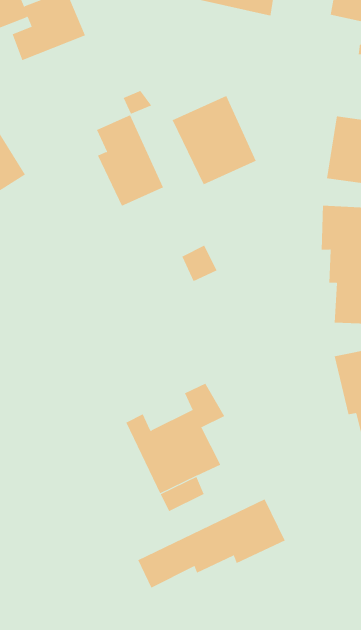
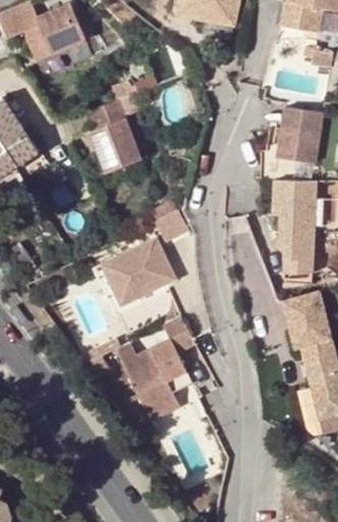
building: [172,95,256,185] -> none
building: none -> [102,241,175,307]
building: [138,498,286,588] -> none

